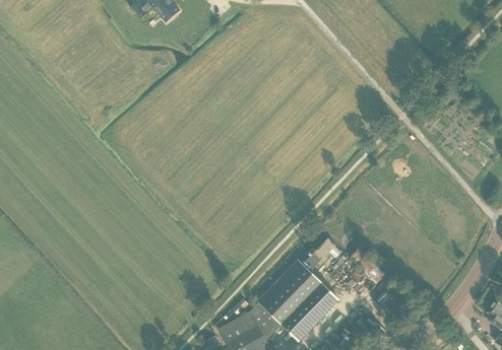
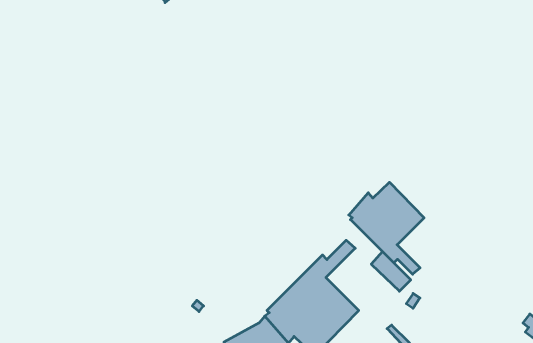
building: none -> [349,182,424,274]

